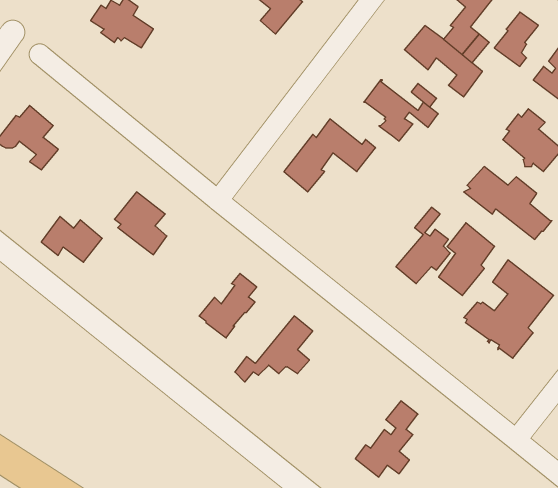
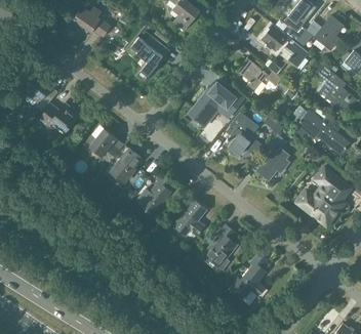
building: none -> [131,34,168,81]
building: [41,216,102,262] -> [40,103,77,131]
building: [439,223,495,296] -> [225,112,258,156]
building: none -> [113,148,142,179]
building: none -> [203,224,238,268]

